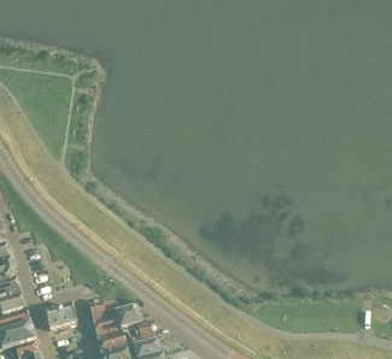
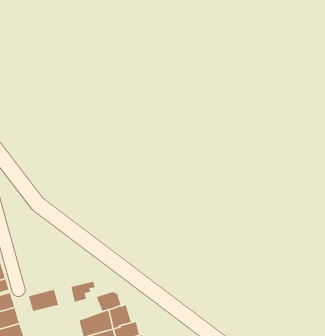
building: [93,302,122,336] -> none

